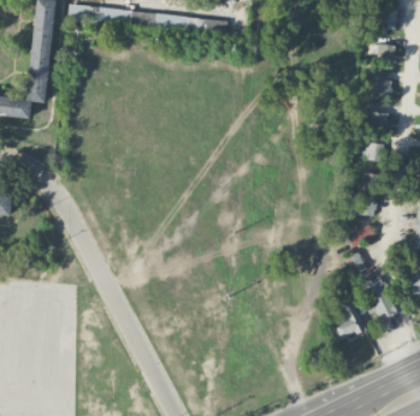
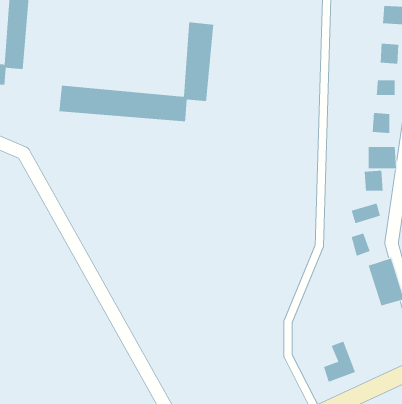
building: none -> [59,21,214,122]
building: [335,301,365,339] -> [323,341,356,383]

